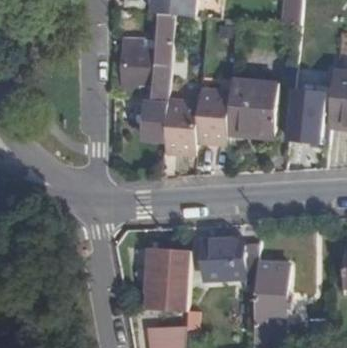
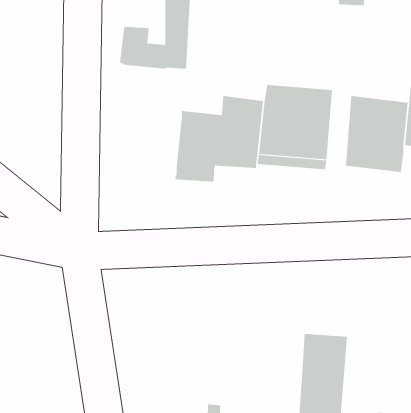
building: [119,63,171,139] -> none
building: [200,237,257,280] -> none
building: [147,249,189,309] -> none

